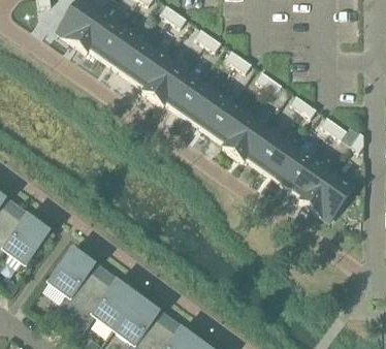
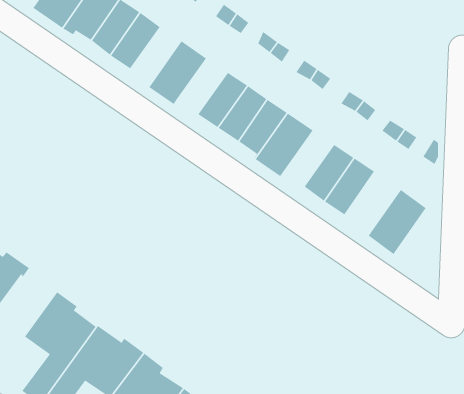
building: [129,46,167,92] -> none
building: [164,70,202,113] -> none
building: [245,125,283,167] -> none
building: [291,156,333,204] -> none

